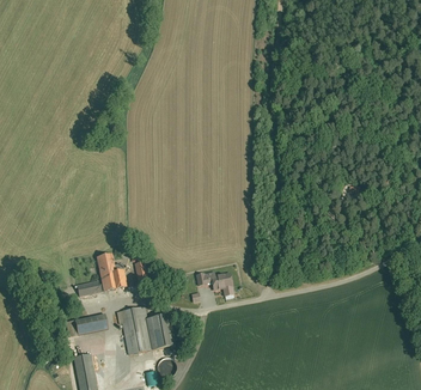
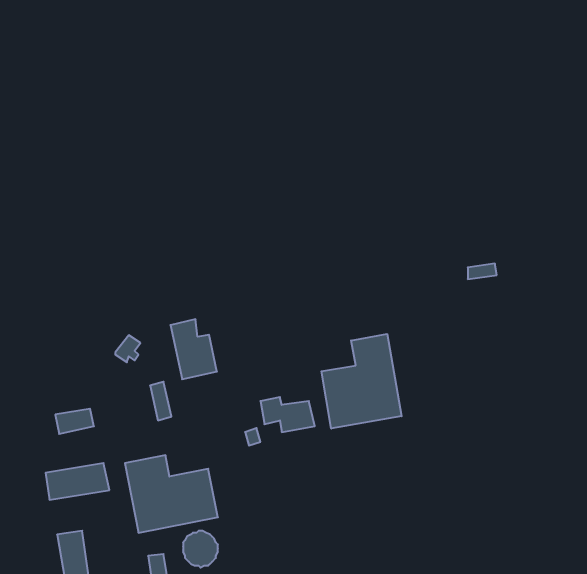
building: none -> [321,334,402,429]
building: [94,252,123,290] -> [170,319,217,379]

